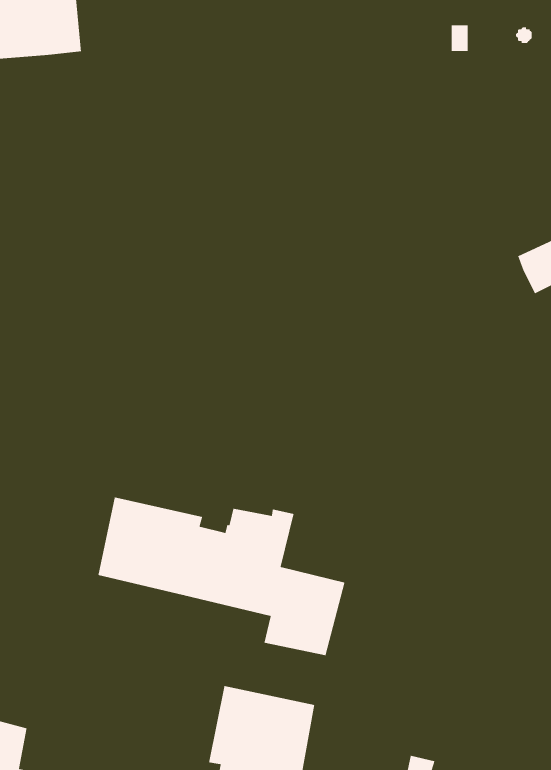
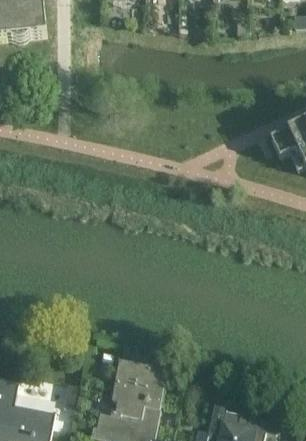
building: [97,497,345,656] -> none

